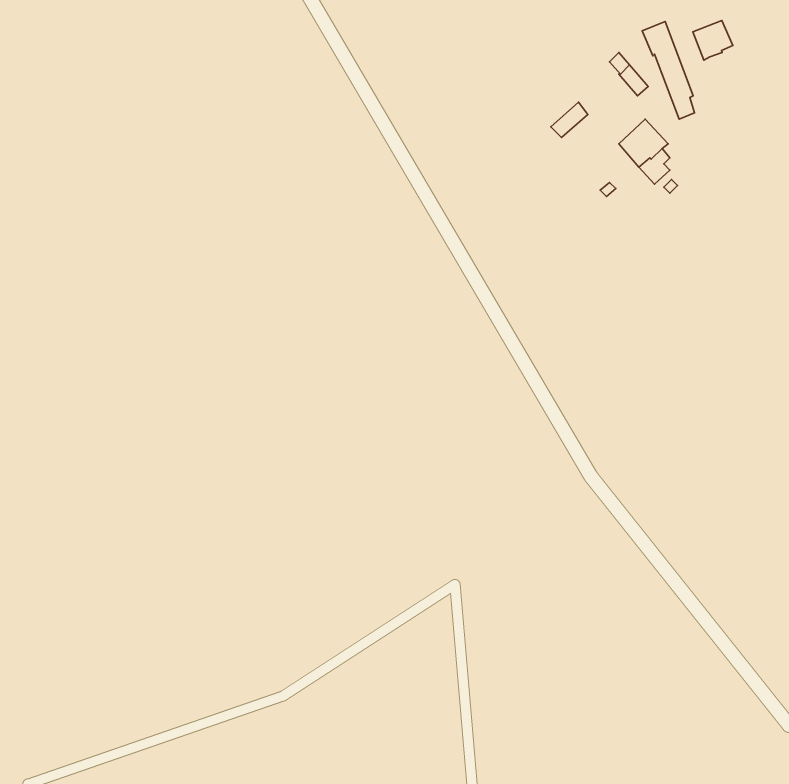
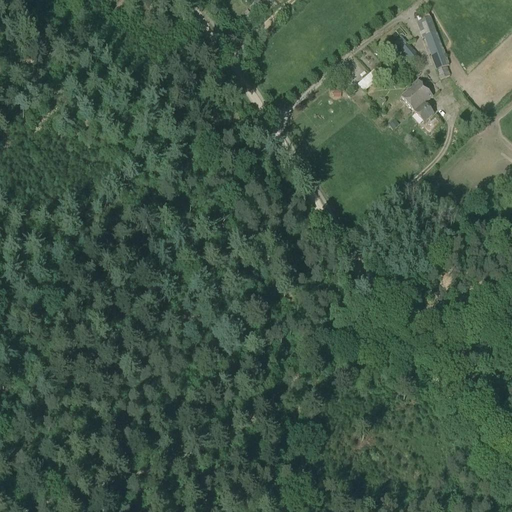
building: [693,20,733,60] -> none

